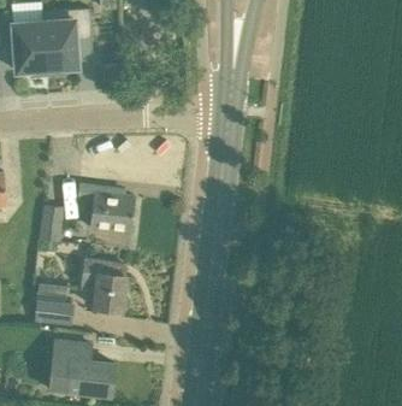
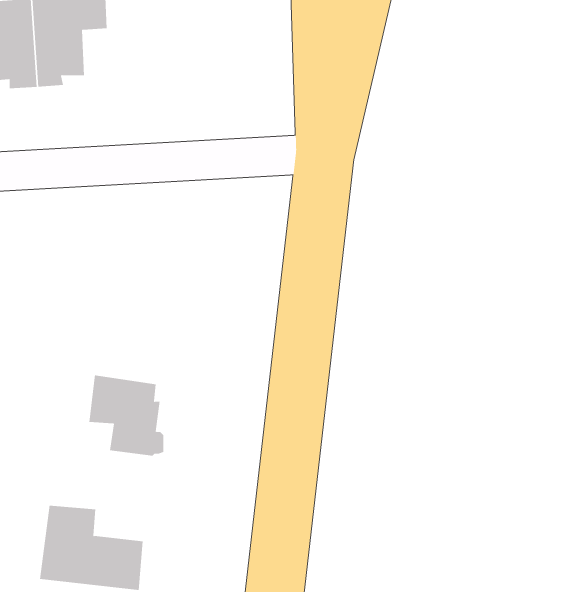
building: [76,183,134,231] -> none
building: [37,204,64,241] -> none
building: [32,282,72,325] -> none

